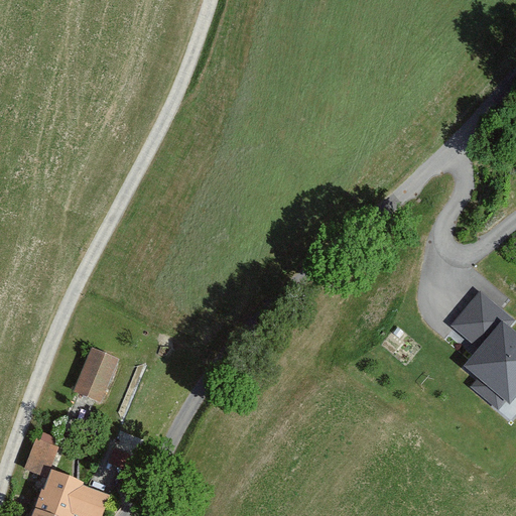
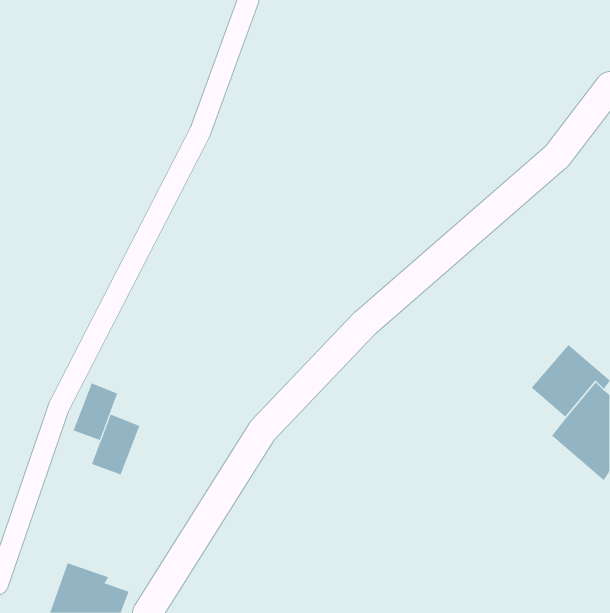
building: none -> [73,383,118,441]
building: [26,438,60,477] -> none

